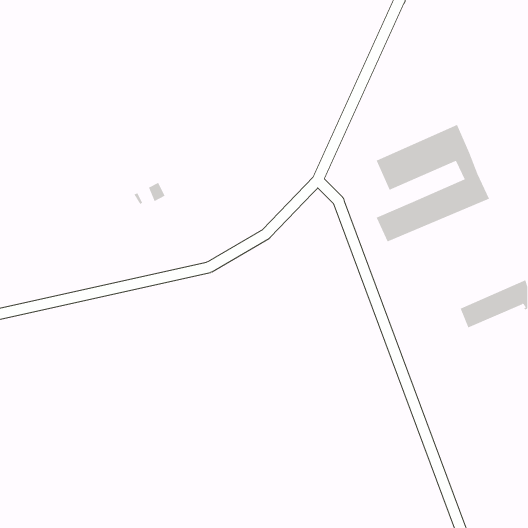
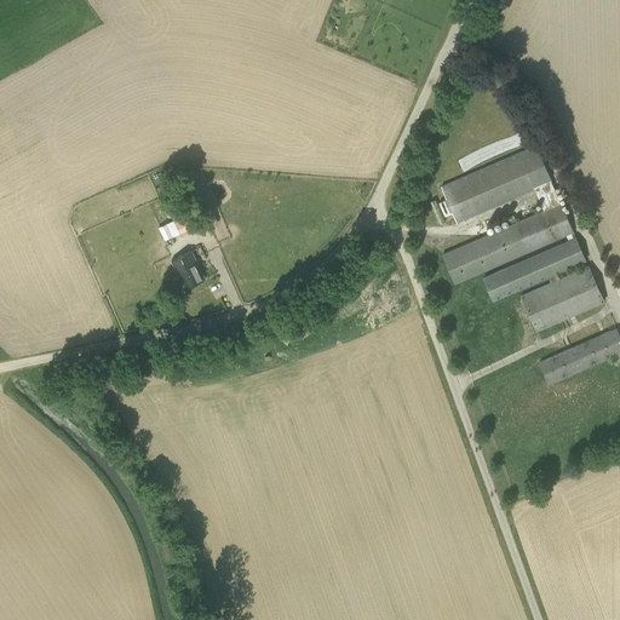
building: none -> [481,239,603,332]
building: none -> [172,252,203,288]

